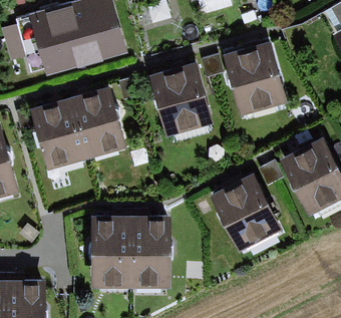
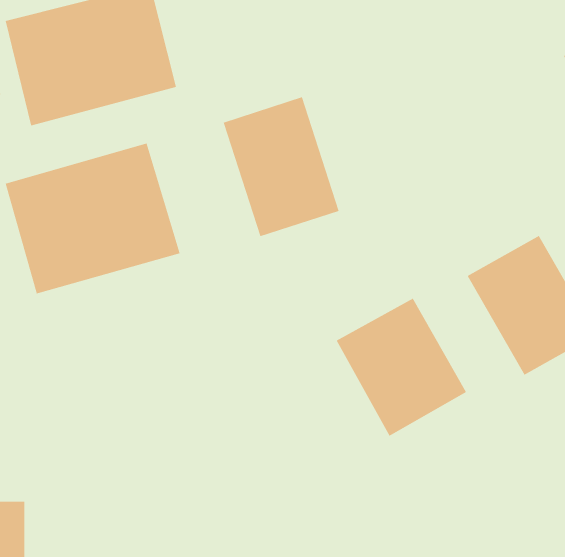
building: [222,42,284,114] -> none
building: [90,215,169,285] -> none

